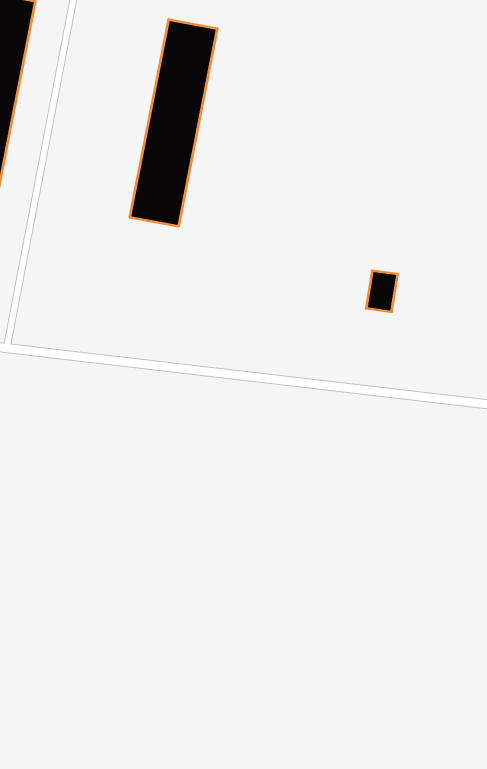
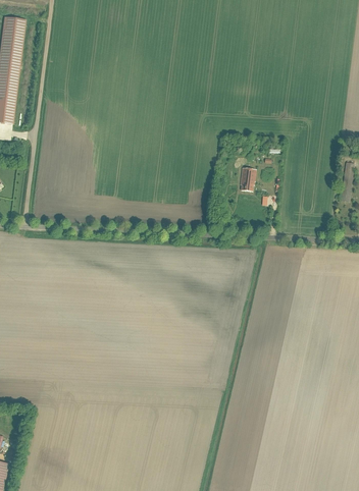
building: [130,19,217,226] -> none

